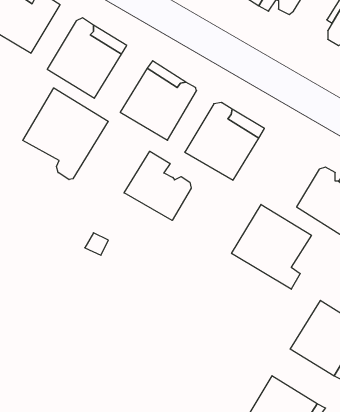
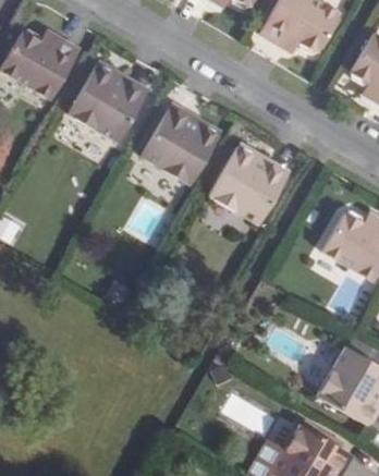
building: [23,88,108,180] -> none
building: [124,151,191,220] -> none
building: [232,204,311,289] -> none

